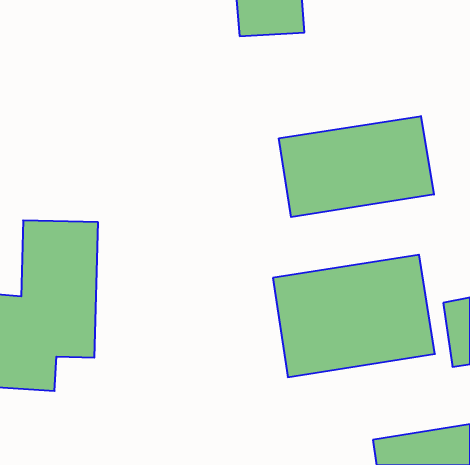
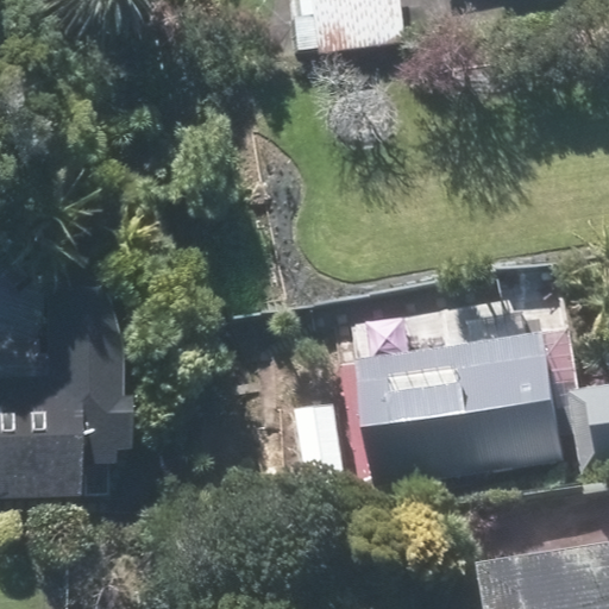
building: [279,116,434,217] -> none

